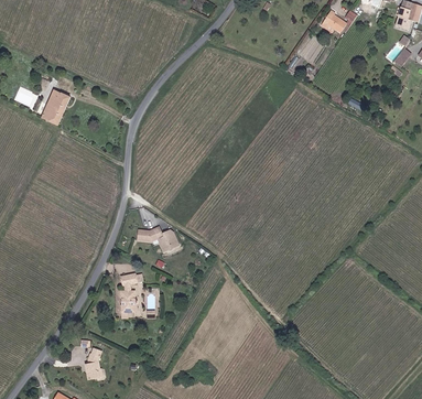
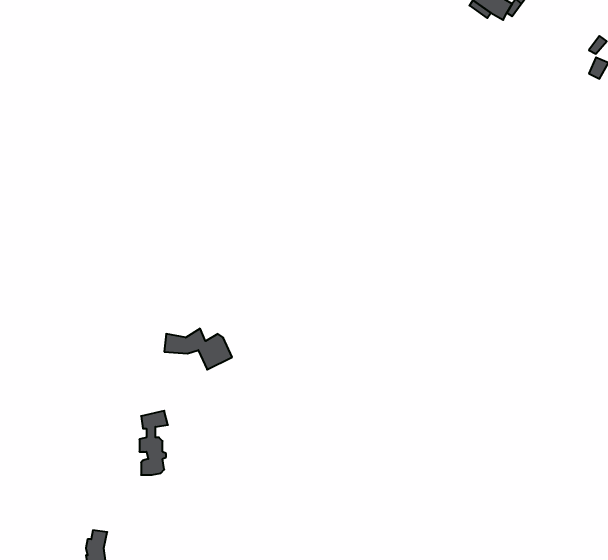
building: [41,93,69,128] -> none

